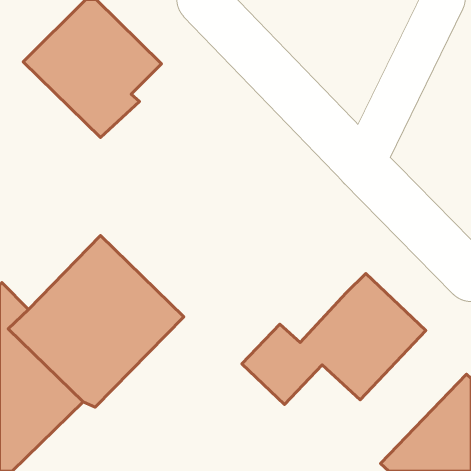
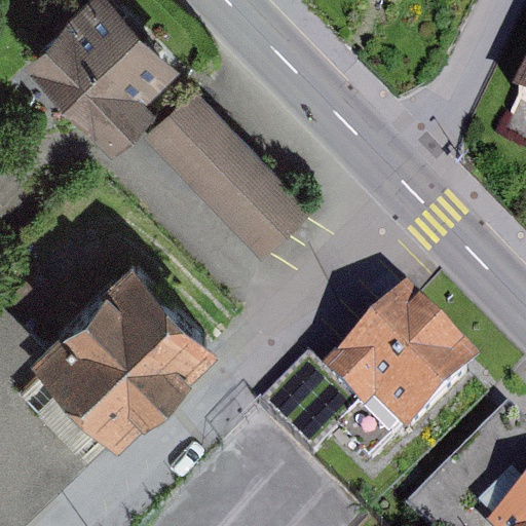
building: none -> [147,92,312,260]

